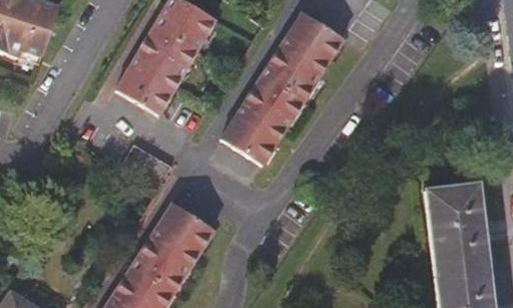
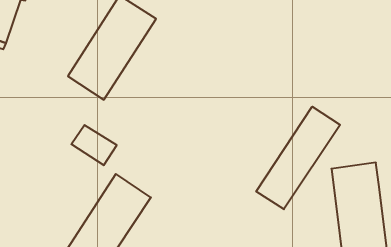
building: [221,11,344,165] -> none
building: none -> [256,107,340,209]

